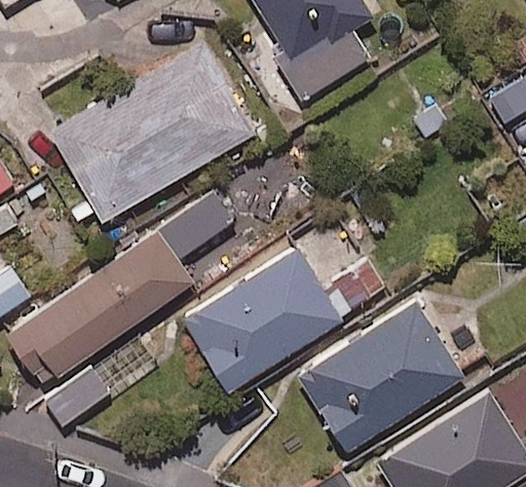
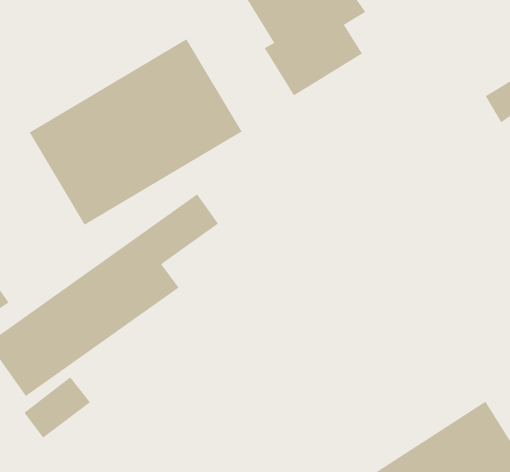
building: [182,248,385,392] -> none
building: [300,302,464,452] -> none

